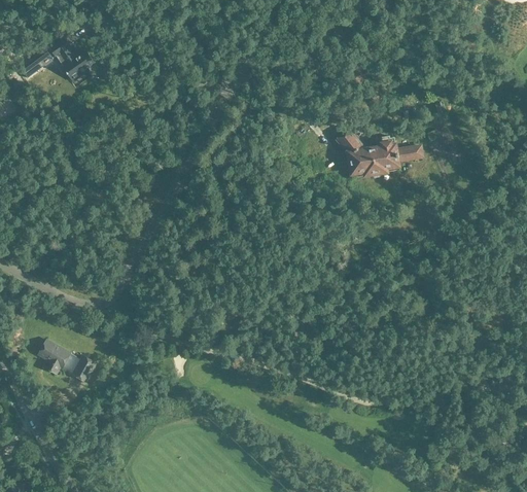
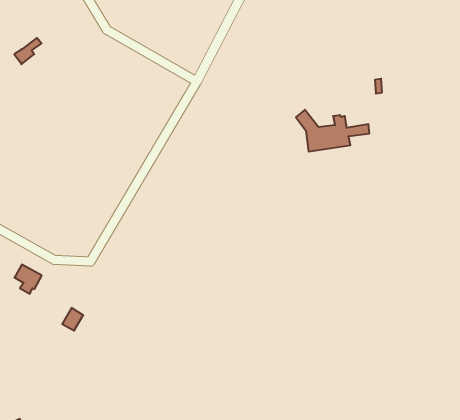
building: [50,39,95,81] -> none
building: [40,339,71,372] -> [14,265,42,294]

